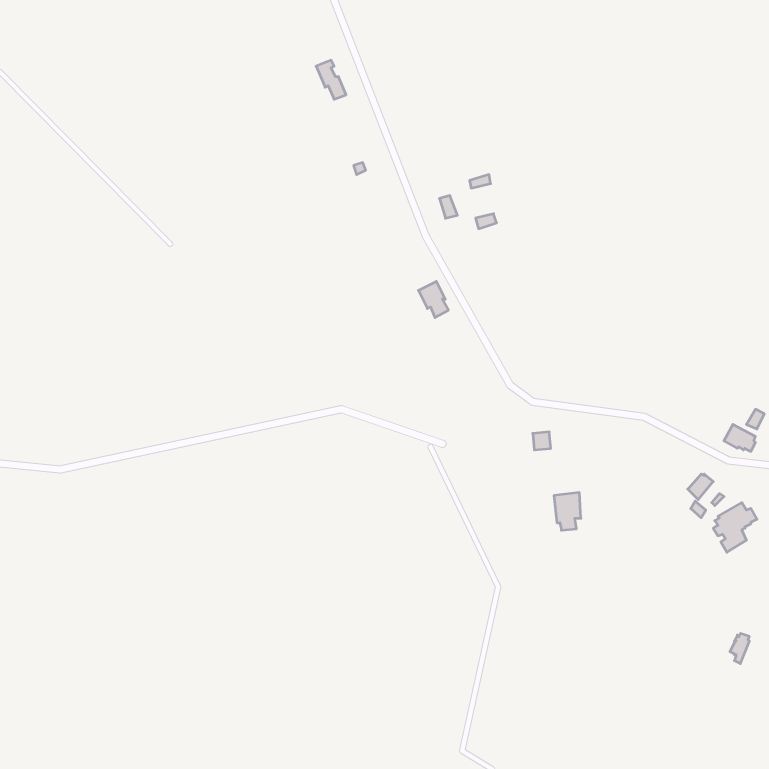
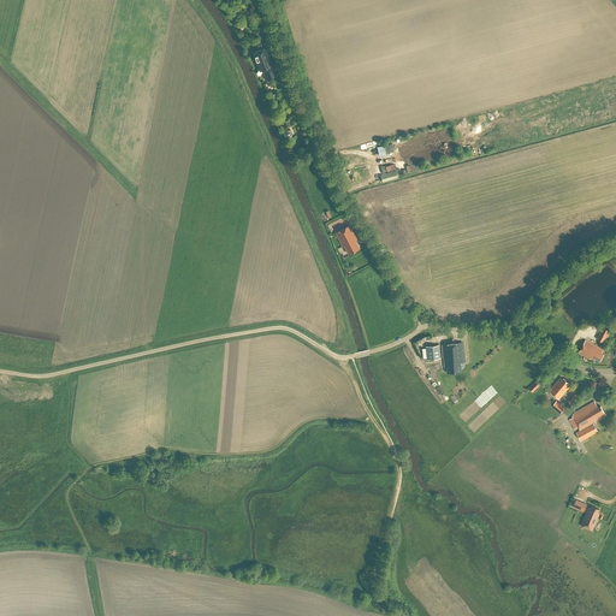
building: [554,493,581,530] -> [442,343,463,373]

